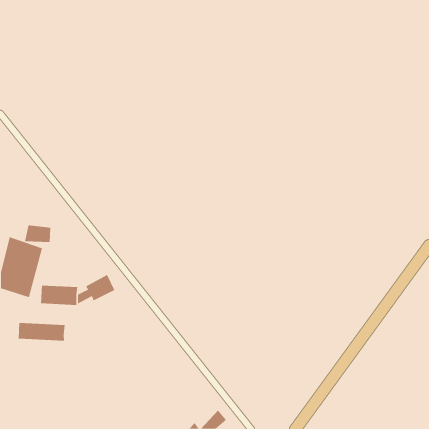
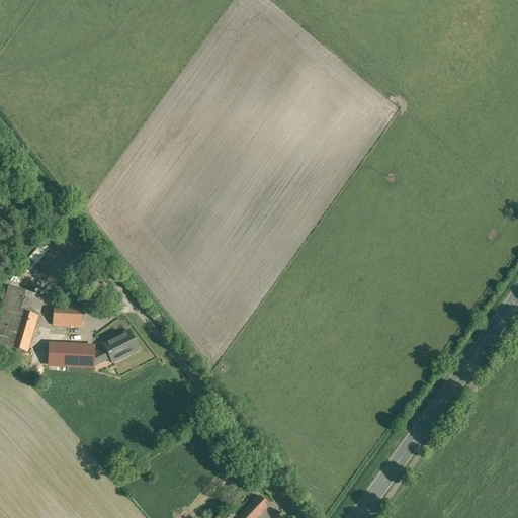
building: [24,225,51,243] -> [53,305,85,326]
building: [18,322,65,341] -> none

